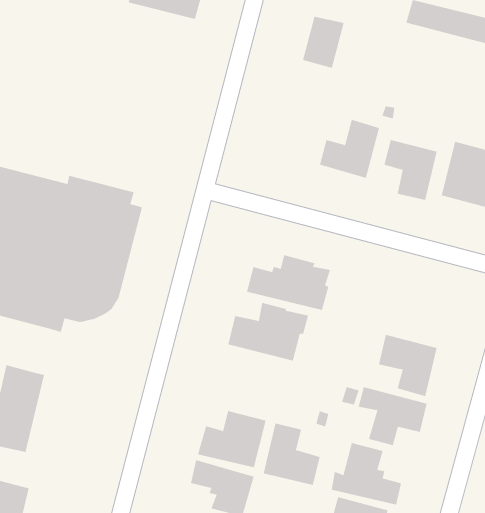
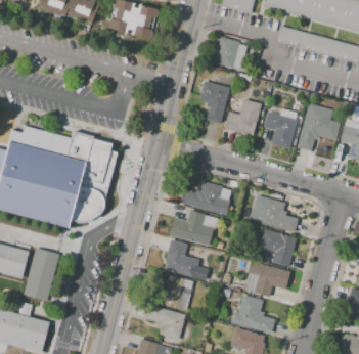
building: none -> [199,81,231,124]
building: none -> [251,195,299,232]
building: [263,423,320,485] -> [165,239,199,277]

